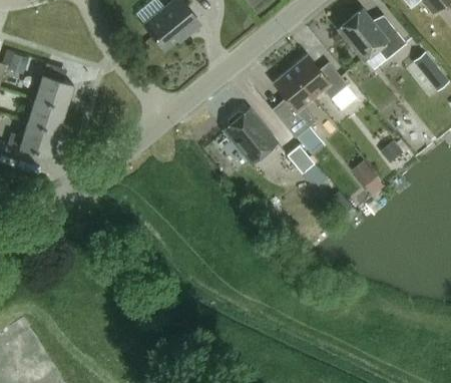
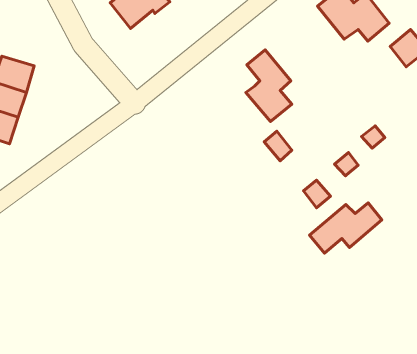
building: [290,55,347,99] -> none
building: [223,109,277,163] -> none
building: none -> [310,203,382,253]

